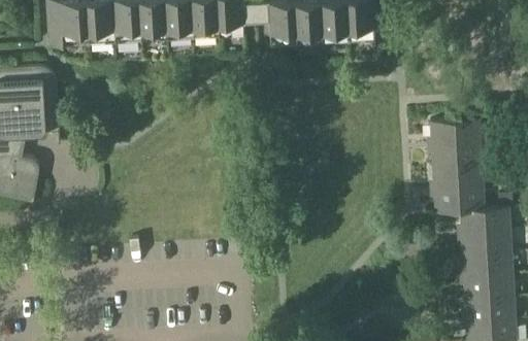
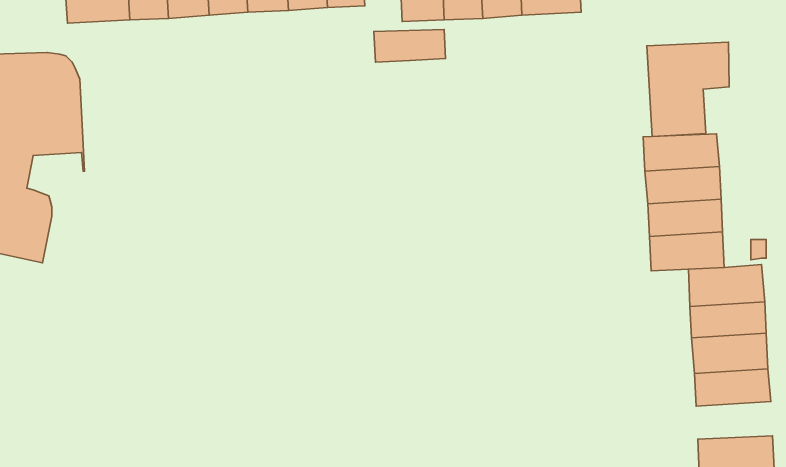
building: none -> [374,29,446,62]
building: none -> [647,42,729,136]
building: [465,297,516,321] -> none

